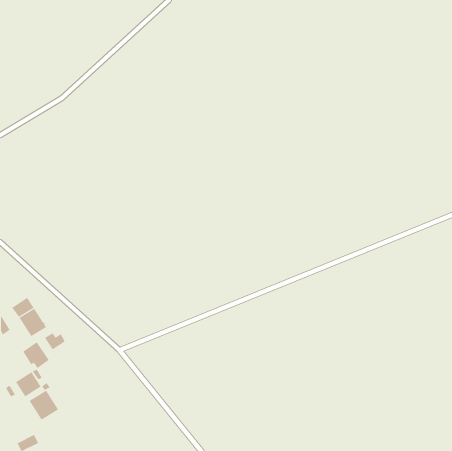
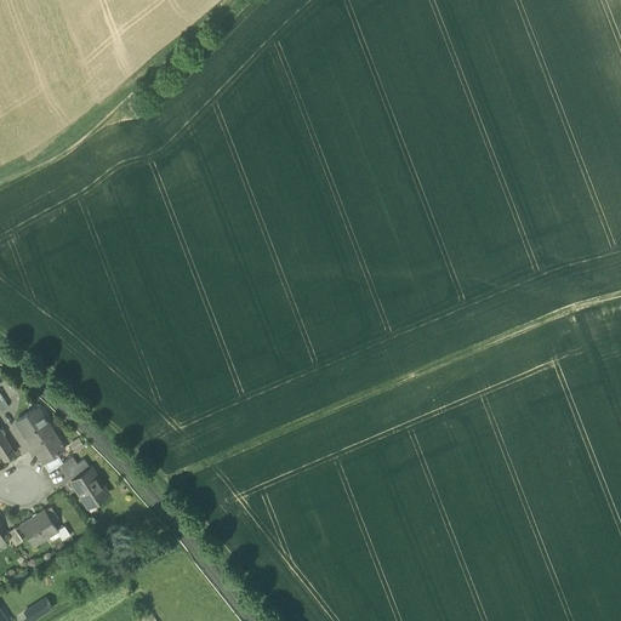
building: [22,341,50,369] -> [70,468,108,506]
building: [29,390,59,421] -> none

